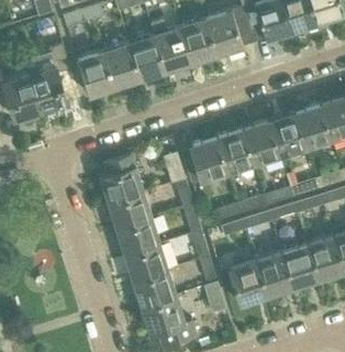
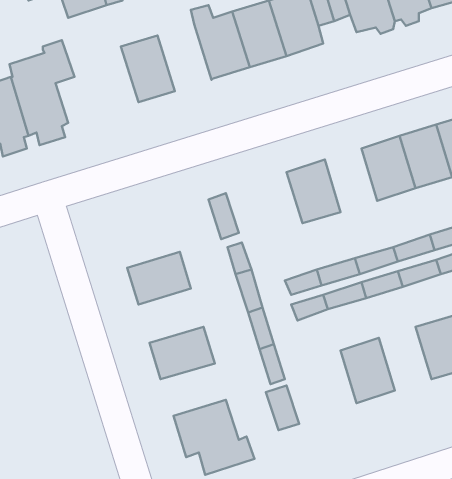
building: [129,35,166,81] -> none
building: [77,51,115,97] -> none
building: [244,121,280,165] -> none
building: [190,138,229,182] -> none
building: [99,153,144,204] -> none
building: [115,218,160,255] -> none
building: [281,244,318,288] -> none
building: [229,261,266,305] -> none
building: [131,270,176,306] -> none

